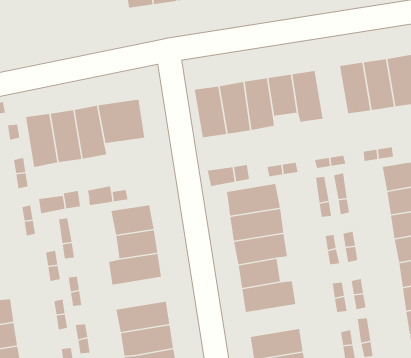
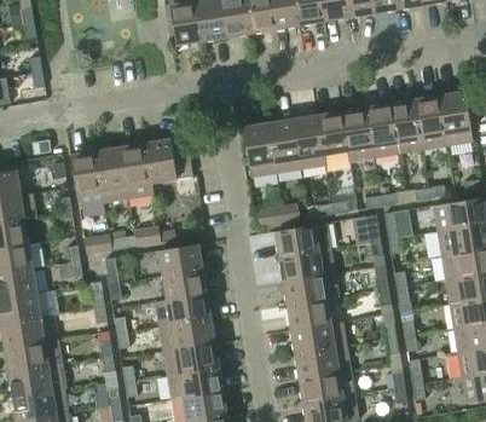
building: none -> [365,103,398,157]
building: none -> [158,318,214,351]
building: none -> [294,346,349,378]

